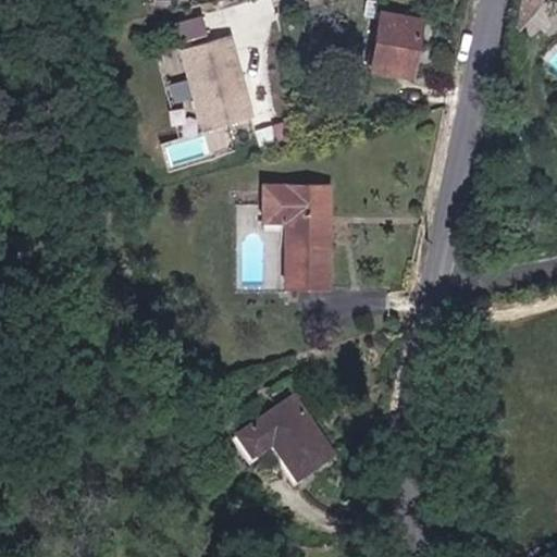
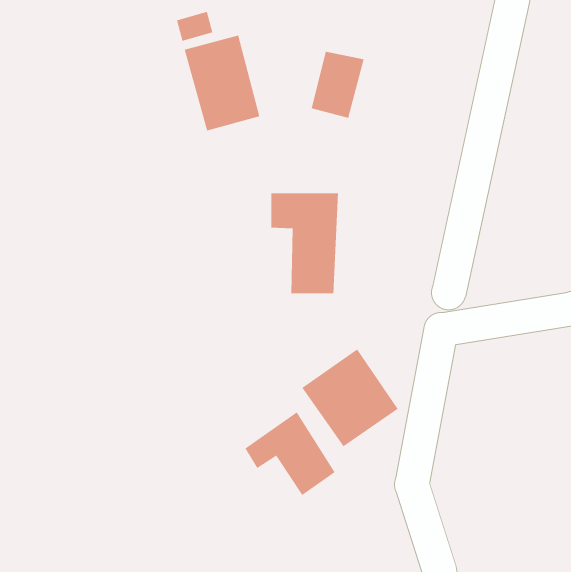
building: [372,14,424,79] -> [311,51,365,118]
building: none -> [301,349,398,447]

